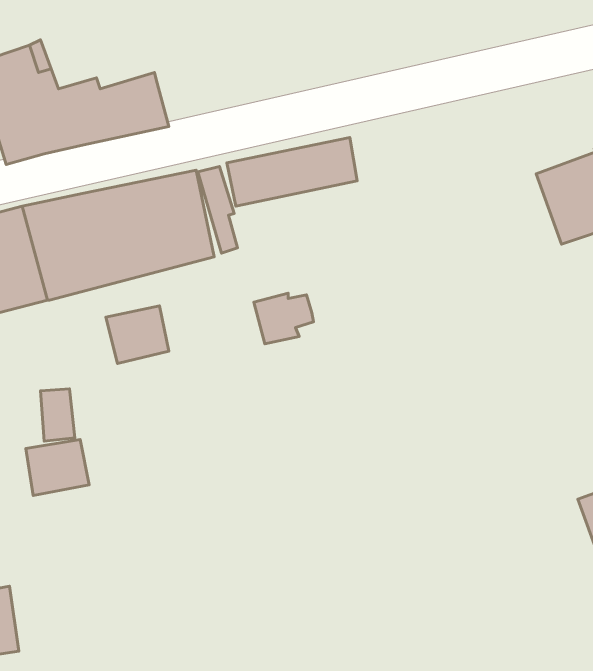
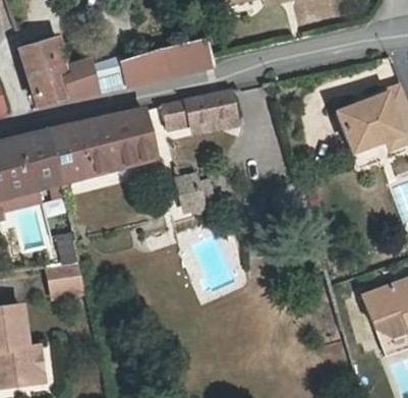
building: none -> [122,41,213,86]
building: [106,306,169,363] -> none

